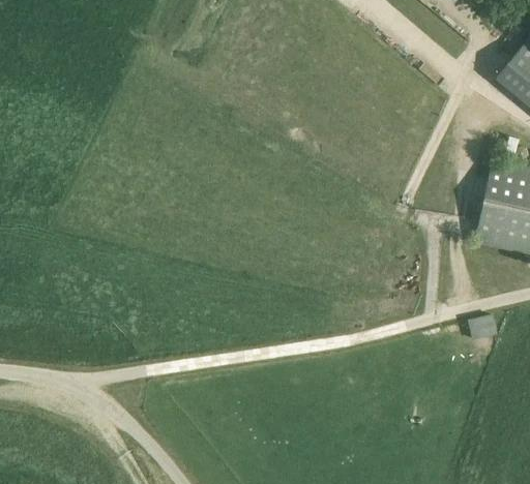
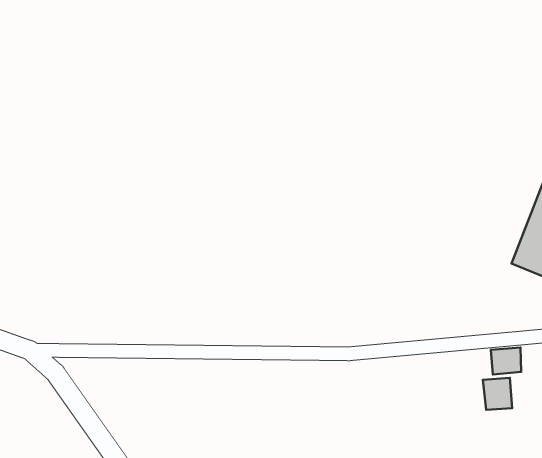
building: none -> [483,378,512,410]

